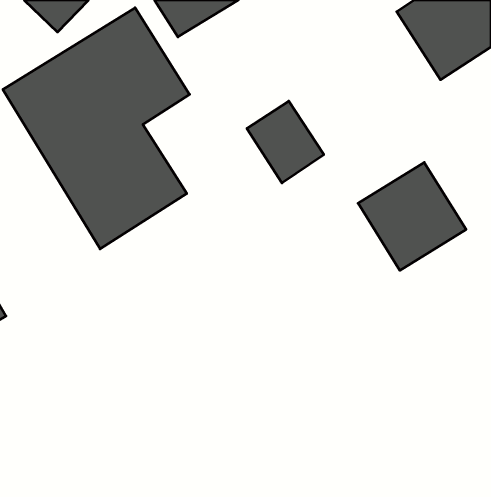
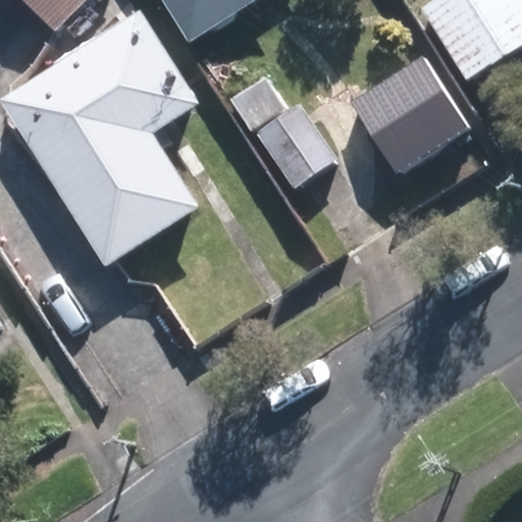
building: [358,162,466,270] -> [344,57,457,170]

